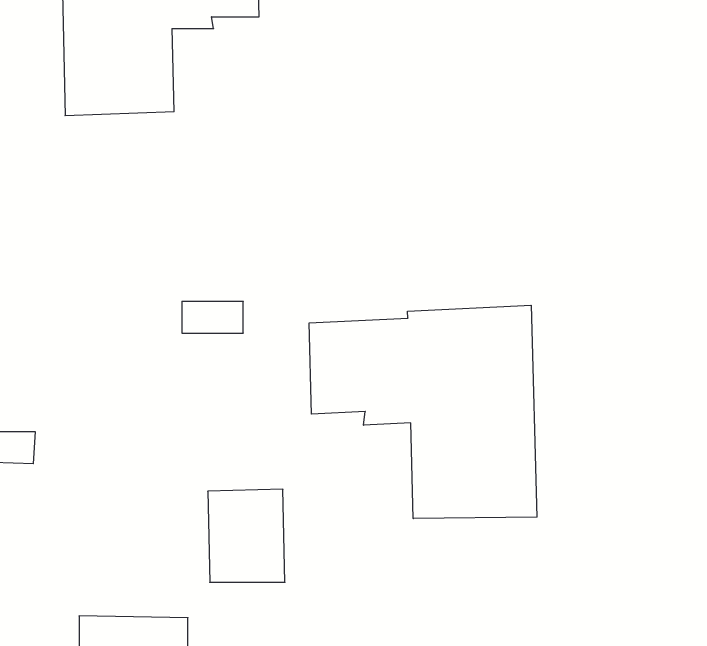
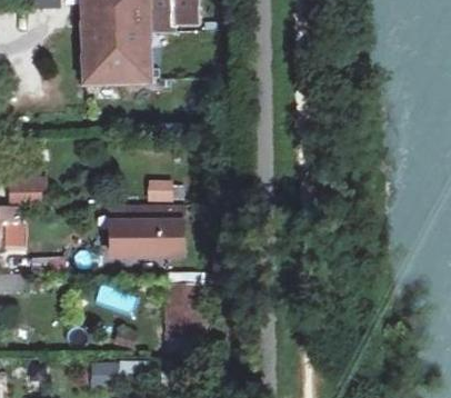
building: [309,305,537,519] -> none
building: none -> [113,222,188,266]

